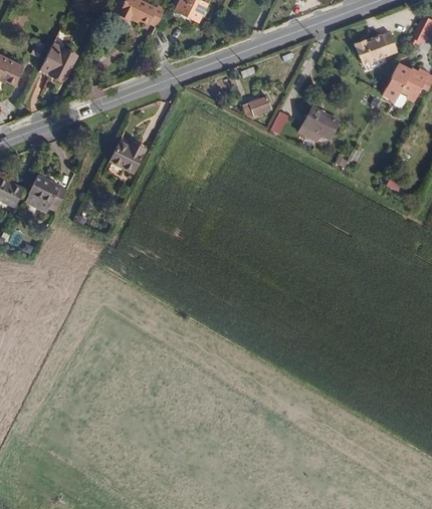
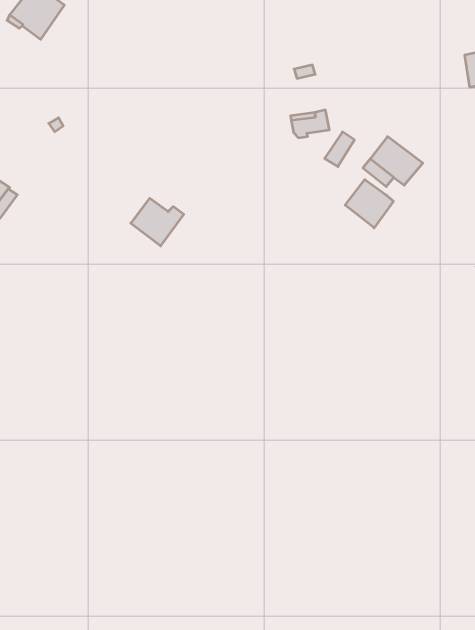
building: none -> [345,180,393,228]
building: [110,141,145,172] -> [131,198,184,246]

